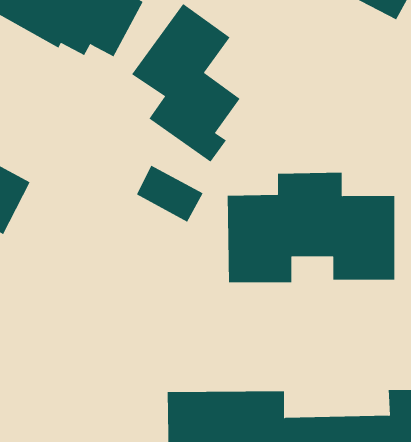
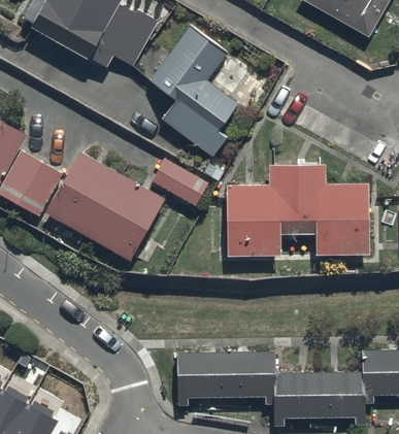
building: none -> [45,154,166,263]

